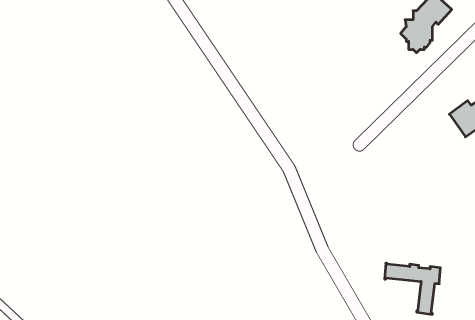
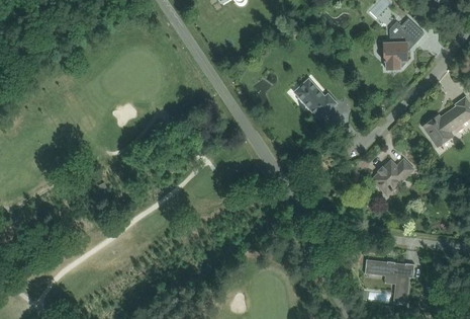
building: none -> [296,79,337,115]
building: none -> [373,159,412,191]

